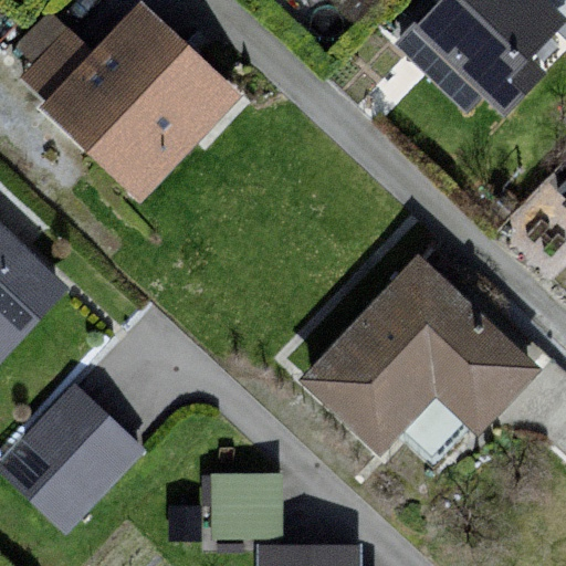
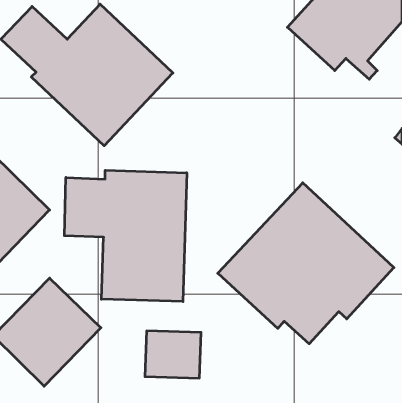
building: none -> [64,170,187,302]

